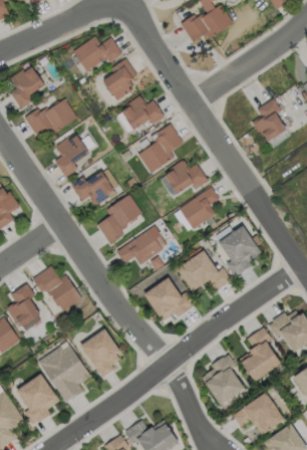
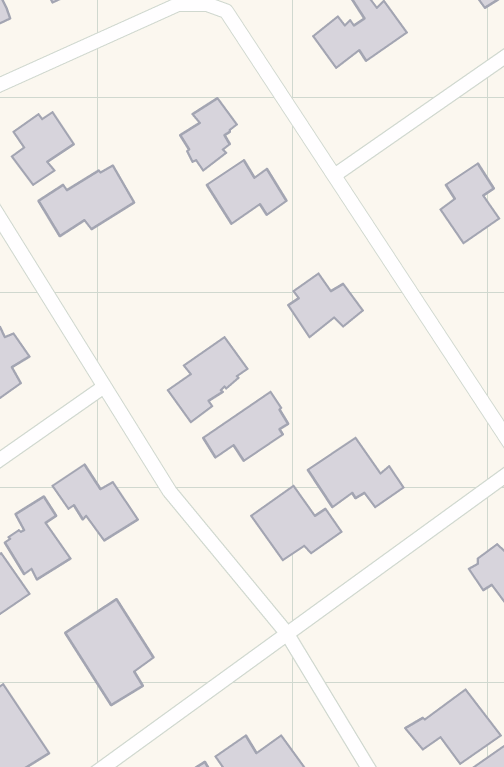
building: [73,35,122,72] -> none
building: [138,122,184,172] -> none
building: [55,135,89,176] -> none
building: [70,172,114,204] -> none
building: [179,186,219,229] -> none
building: [219,226,261,275] -> none
building: [240,327,282,383] -> none
building: [82,330,120,377] -> none
building: [202,353,244,405] -> none
building: [16,374,60,426] -> none

